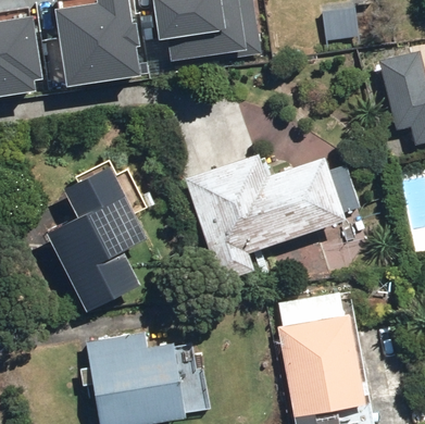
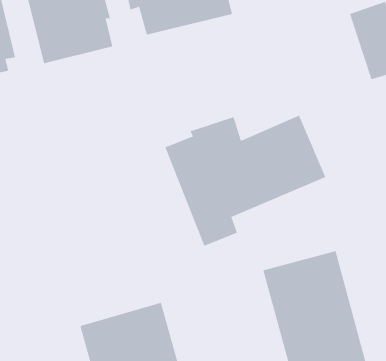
building: [45,164,147,311] -> none

